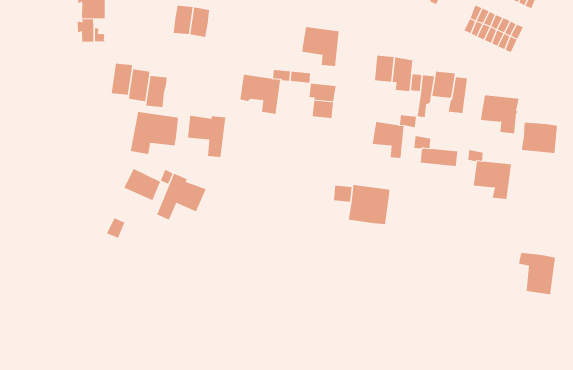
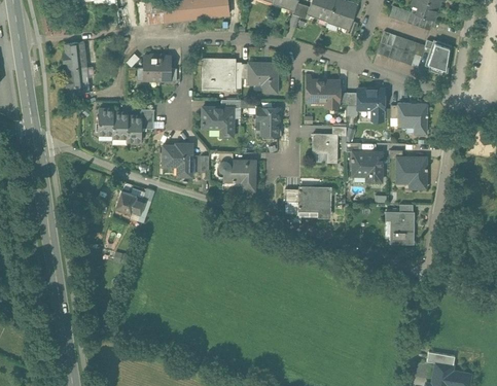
building: none -> [203,59,235,89]
building: none -> [424,40,453,72]
building: [130,111,179,155] -> none
building: [521,122,558,154] -> none
building: none -> [219,160,255,189]
building: none -> [352,164,382,181]
building: [156,173,207,220] -> none
building: [518,252,556,295] -> [385,210,415,242]

